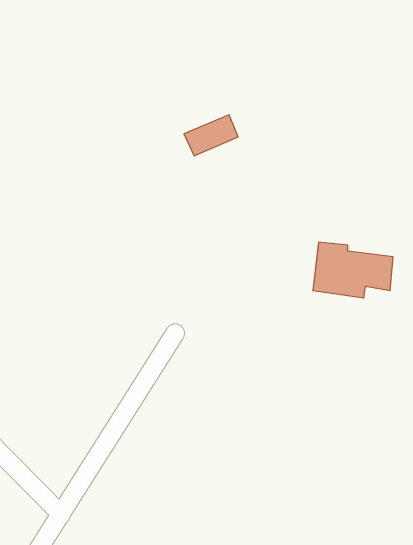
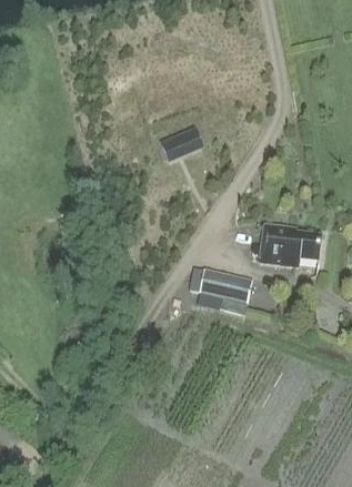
building: none -> [199,268,252,315]

